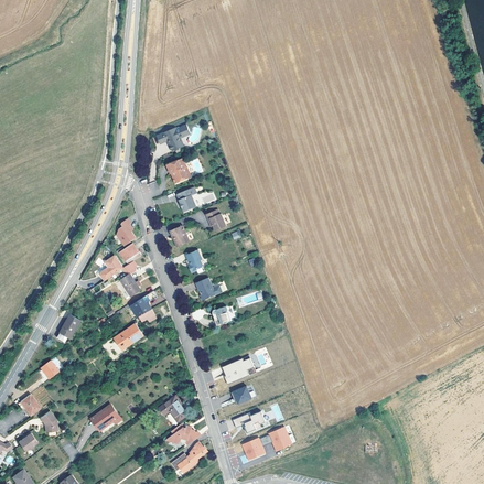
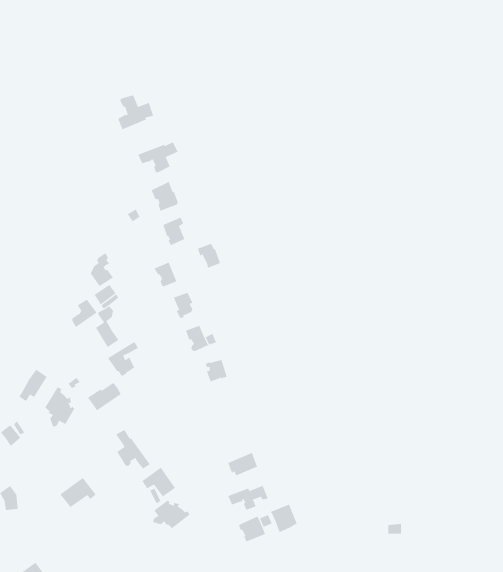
building: none -> [118,95,154,130]
building: none -> [44,387,75,428]
building: [222,355,255,384] -> none
building: none -> [116,429,150,469]
building: [170,442,207,472] -> none

